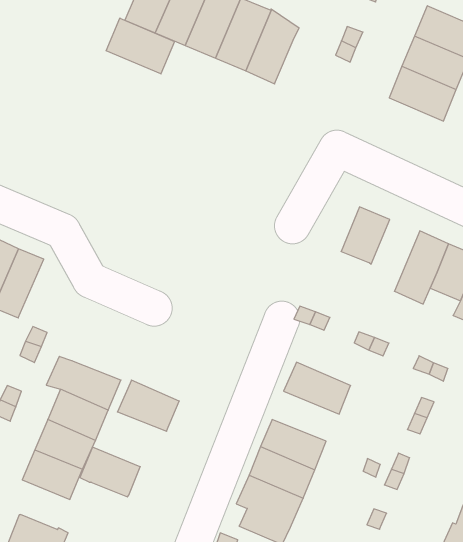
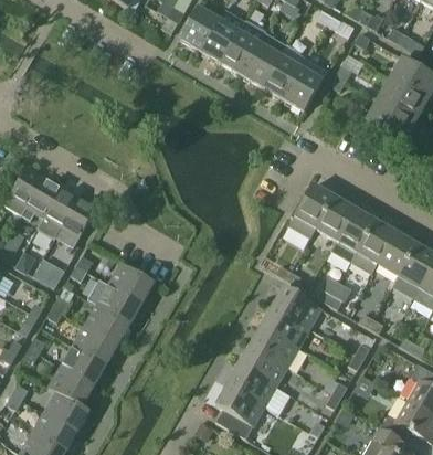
building: [106,18,174,74] -> none
building: none -> [283,59,328,112]
building: none -> [288,184,334,240]
building: none -> [330,210,376,263]
building: none -> [273,286,321,328]
building: [117,380,179,431] -> [108,262,155,303]
building: none -> [250,326,299,367]
building: [80,447,140,497] -> [49,367,94,406]

